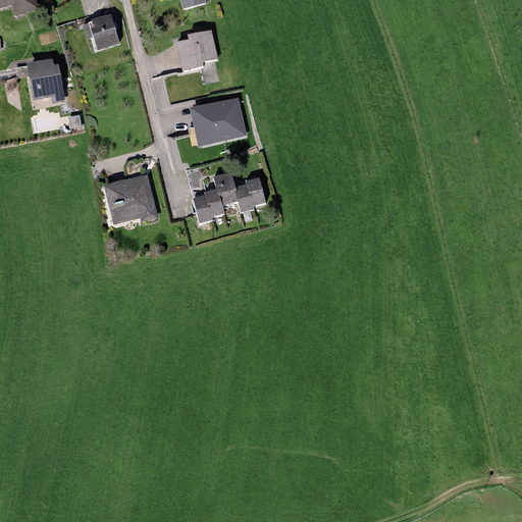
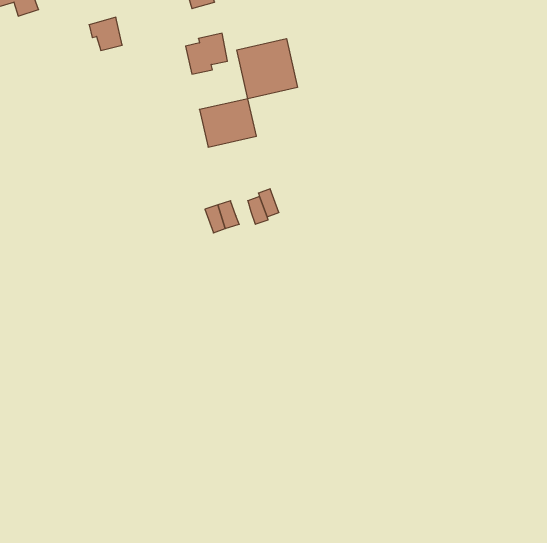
building: none -> [237,39,297,99]
building: [24,54,66,100] -> none
building: [215,173,239,205] -> none
building: [106,176,155,220] -> none

